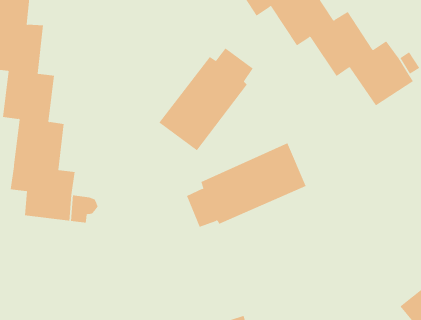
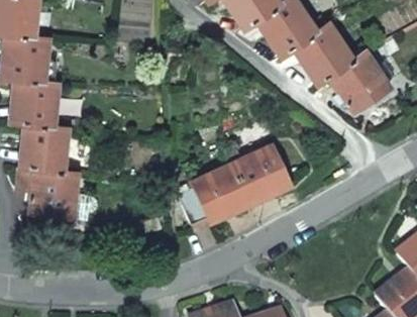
building: [158,48,254,151] -> none

